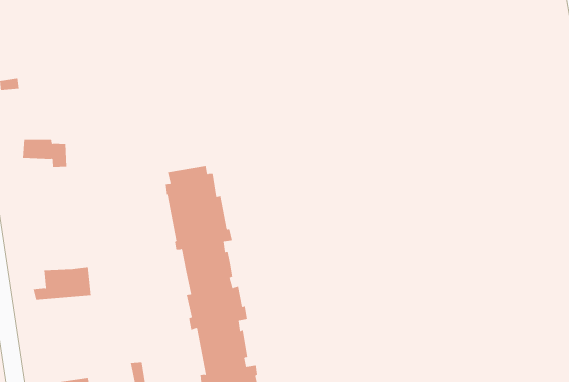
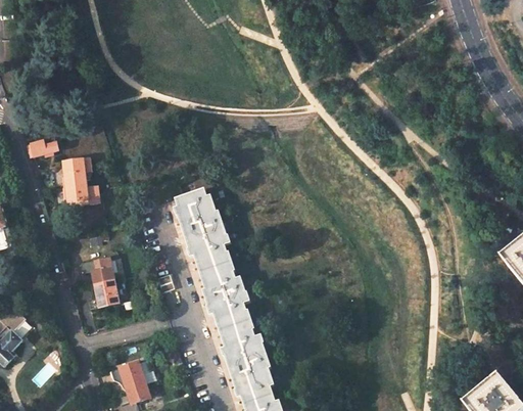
building: none -> [61,156,90,187]
building: none -> [78,257,113,284]

